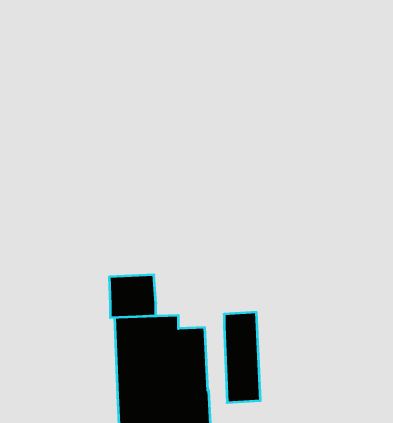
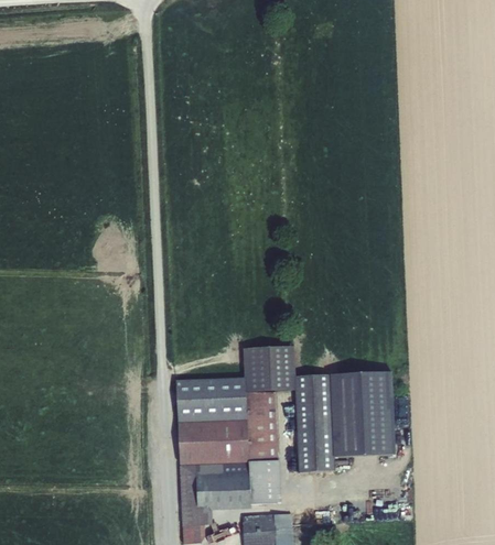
building: [109,275,156,318] -> [244,346,294,392]
building: none -> [330,371,394,457]

